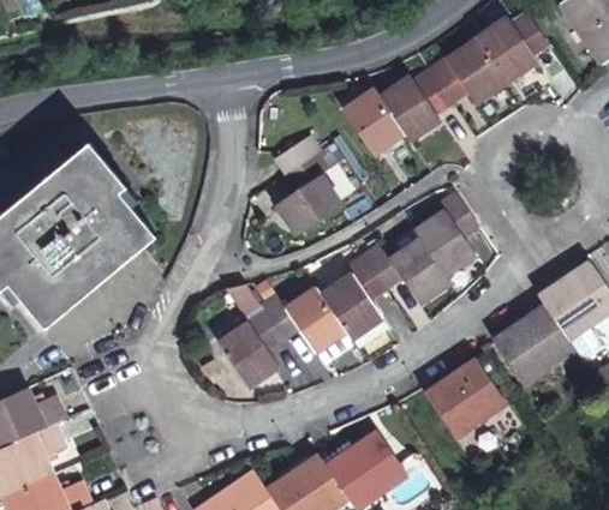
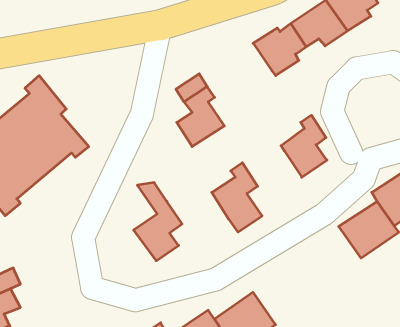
building: [341,91,402,155] -> none
building: [363,241,448,304] -> none
building: [262,289,351,364] -> none
building: [424,360,504,437] -> none

